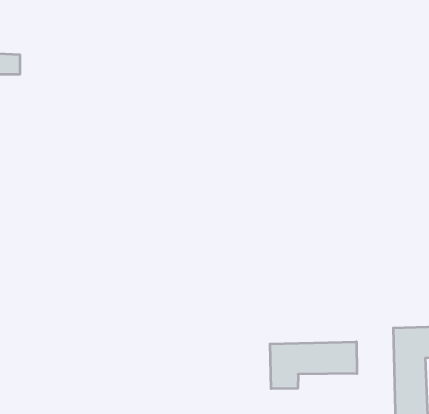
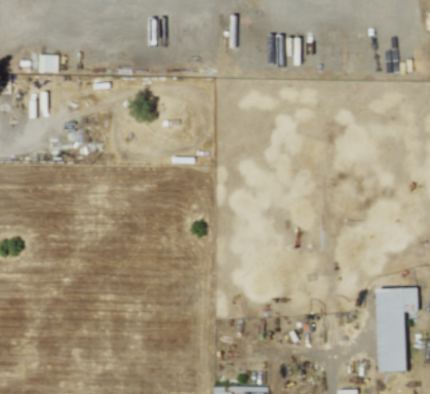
building: [270,342,357,389] -> none

